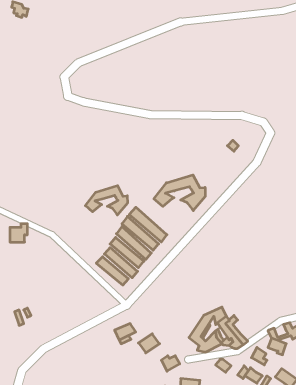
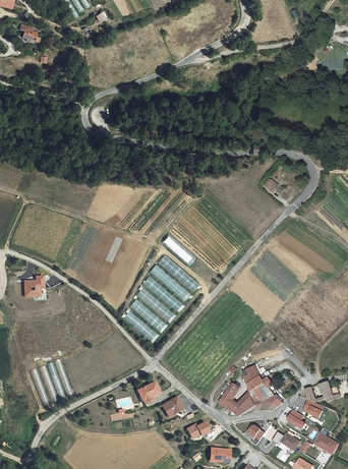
building: [154,175,205,211] -> none
building: [85,186,127,215] -> none

